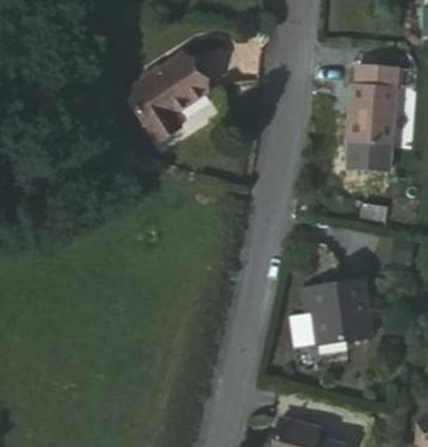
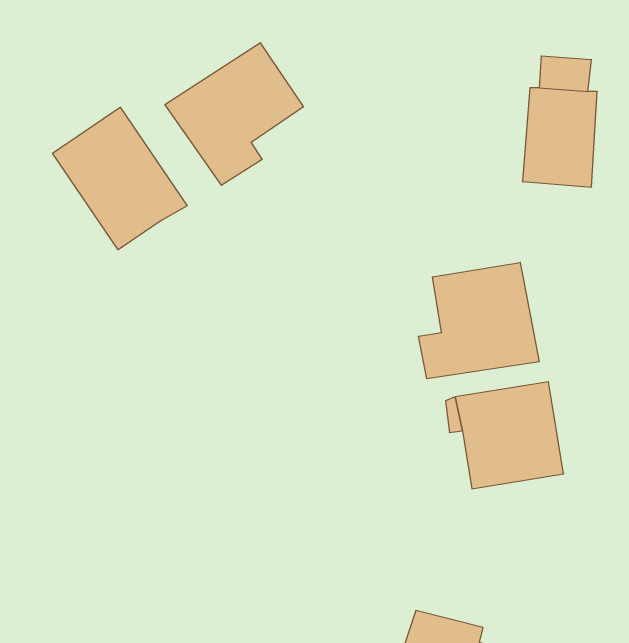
building: none -> [53,107,187,250]
building: none -> [418,262,539,379]

